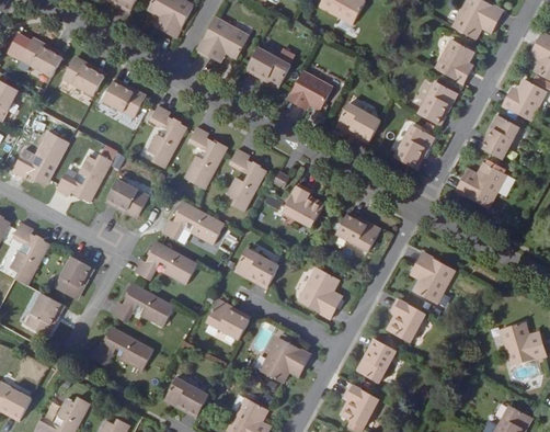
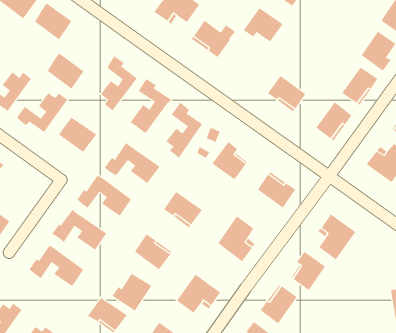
building: [286,71,331,109] -> [243,8,284,42]
building: [103,77,146,116] -> [47,53,85,89]
building: [55,254,94,298] -> none
building: none -> [112,273,152,311]

